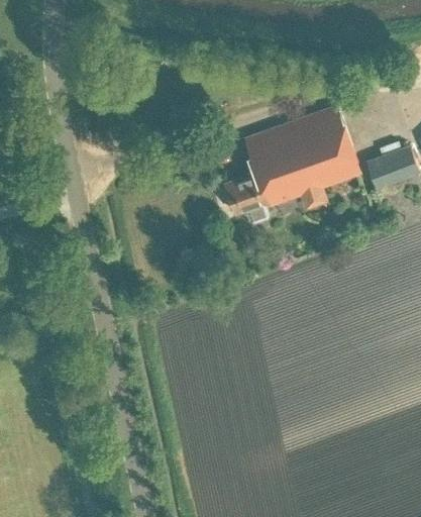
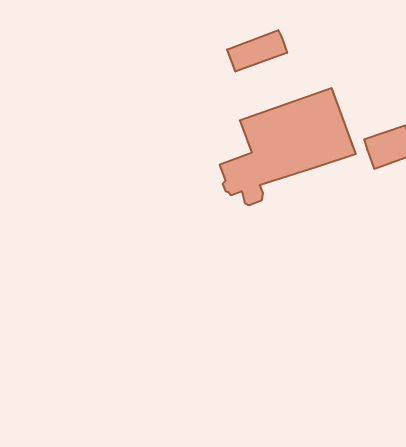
building: none -> [227,30,287,72]

